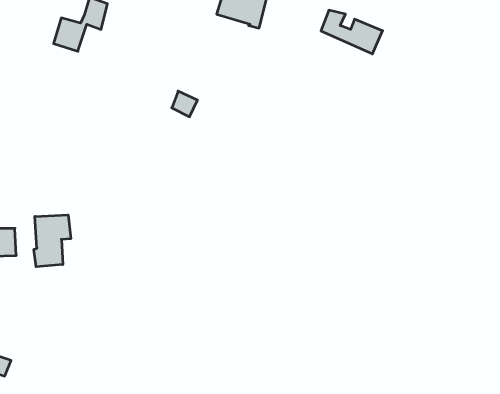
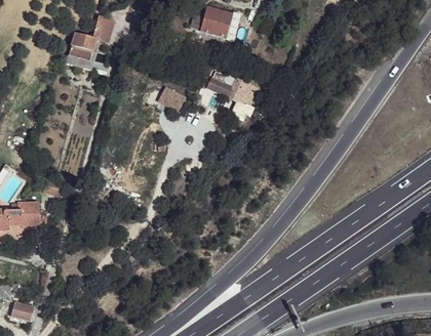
building: [321,10,383,54] -> [203,69,252,103]
building: [34,215,71,267] -> none

